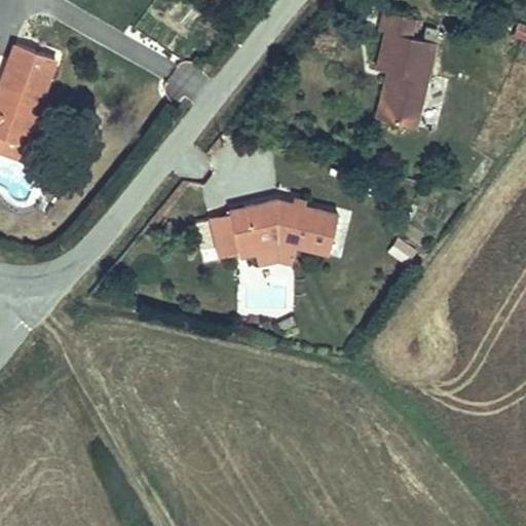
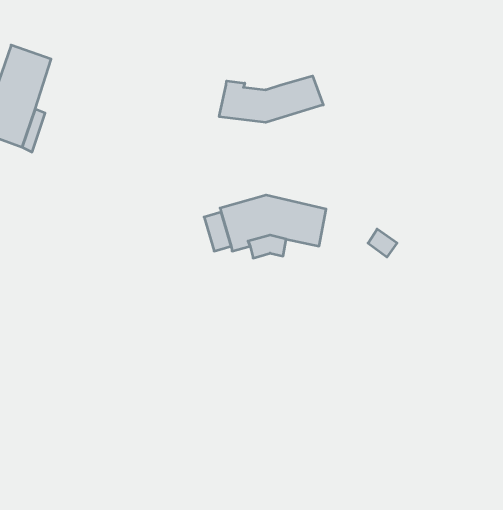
building: [370,7,438,128] -> none
building: none -> [219,76,323,122]

